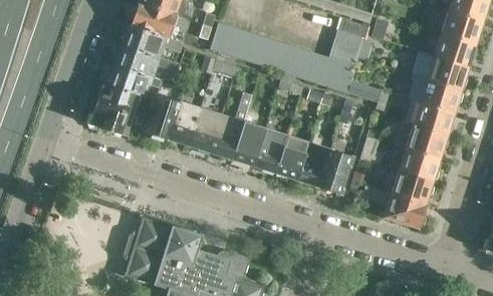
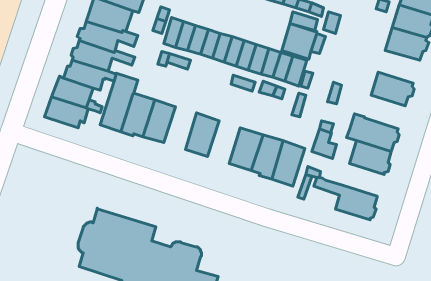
building: [411,51,468,89] -> none
building: [209,91,250,157] -> none
building: [412,101,453,135] -> none
building: [253,127,286,171] -> none
building: [369,171,433,204] -> none

